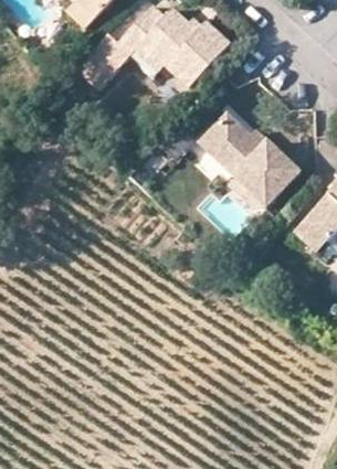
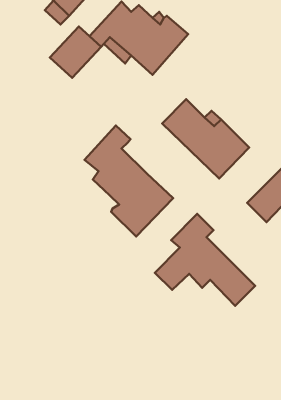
building: none -> [85,126,173,237]
building: none -> [155,214,255,306]

